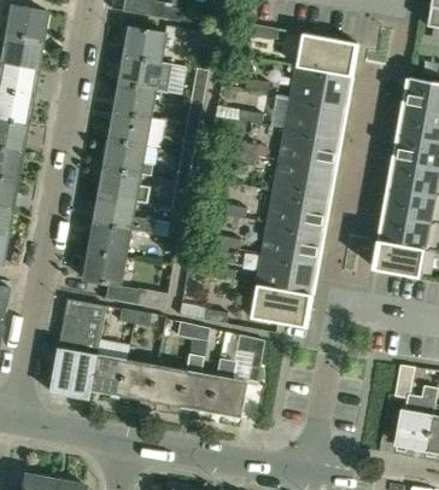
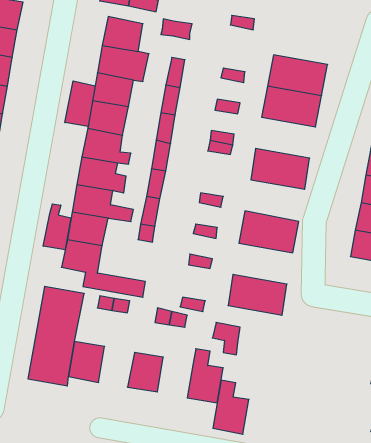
building: [297,33,356,75] -> none
building: none -> [65,81,95,127]
building: [279,128,339,169] -> none
building: [268,191,328,233] -> none
building: none -> [43,204,71,250]
building: [256,255,316,296] -> none
building: [180,356,216,410] -> [213,380,249,434]
building: [121,358,157,399] -> none

